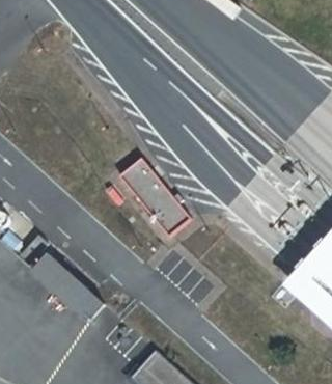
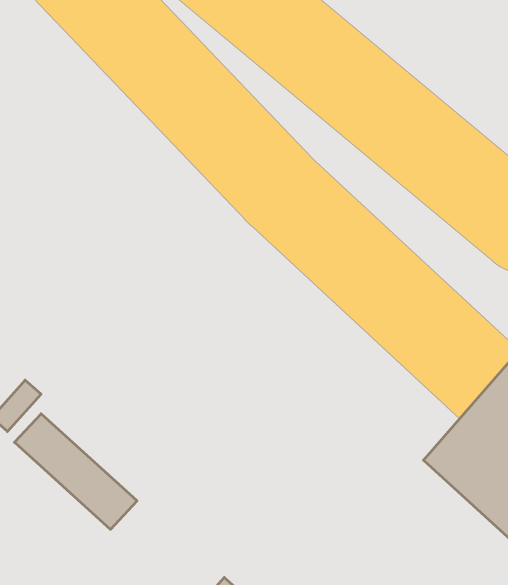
building: [120,161,197,241] -> none

